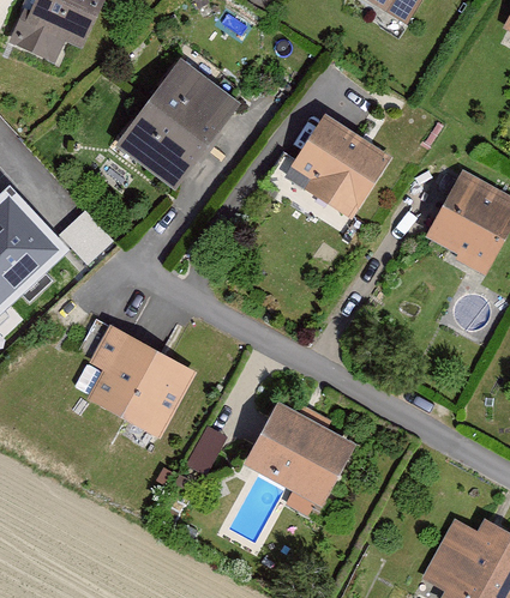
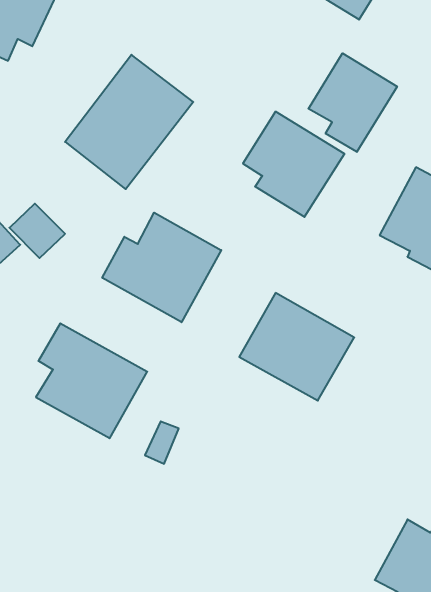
building: none -> [308,53,397,152]
building: none -> [102,213,221,322]
building: [242,400,356,507] -> [239,293,354,401]

